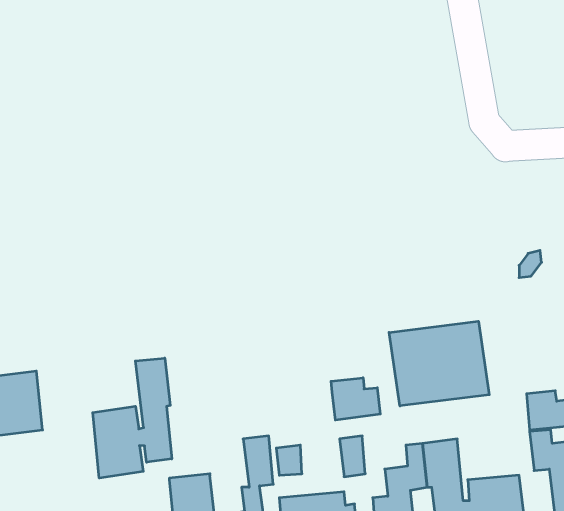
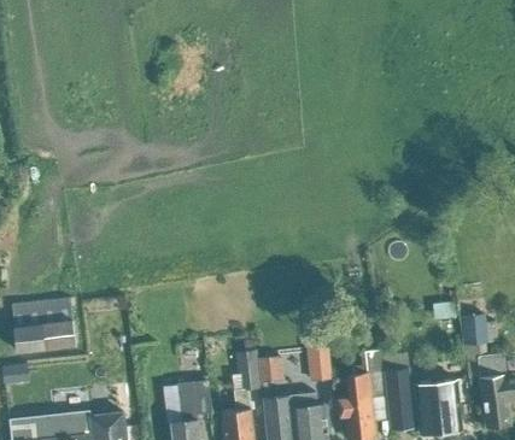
building: [389,321,489,406] -> none
building: [93,358,172,478] -> none
building: [331,378,380,420] -> none

